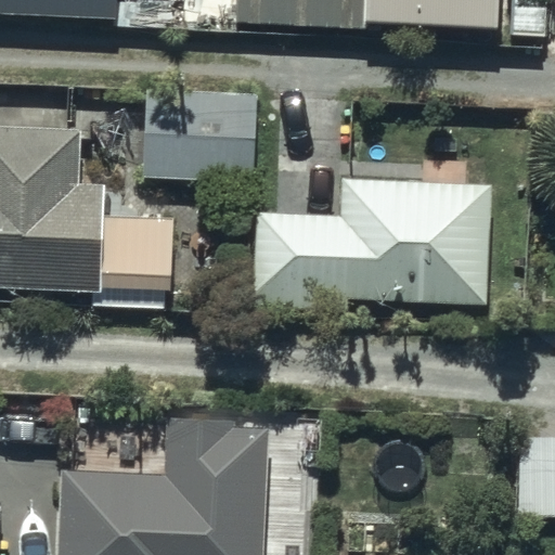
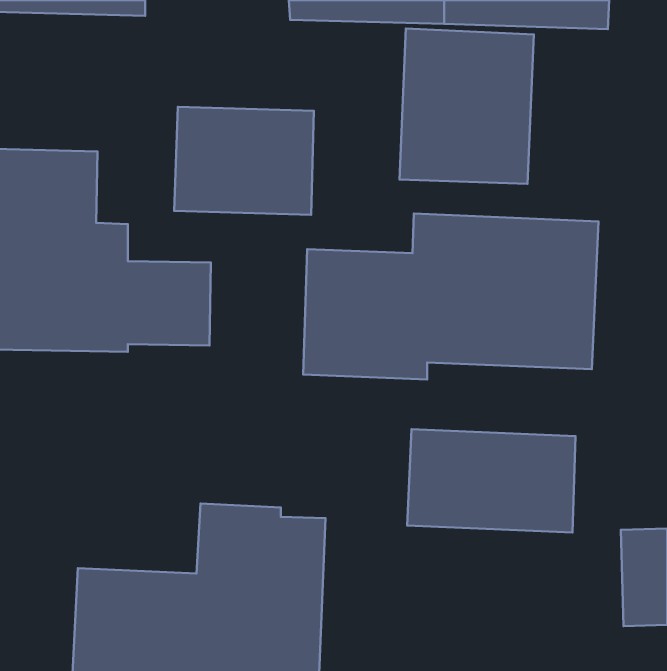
building: none -> [400,29,534,184]
building: none -> [407,429,576,533]

